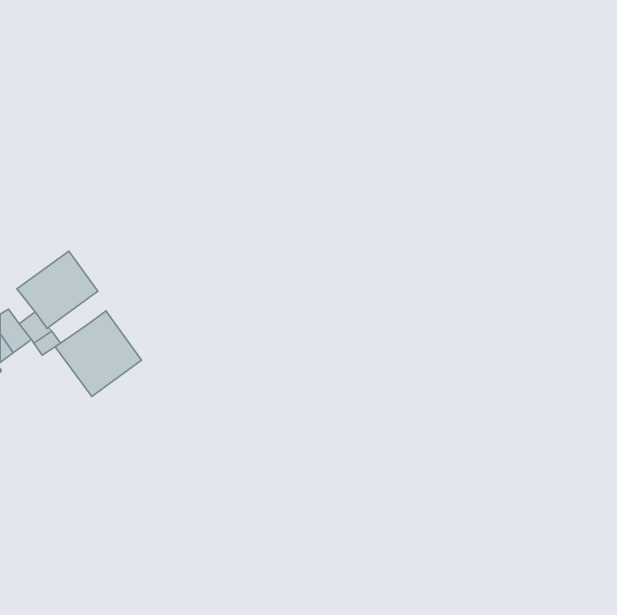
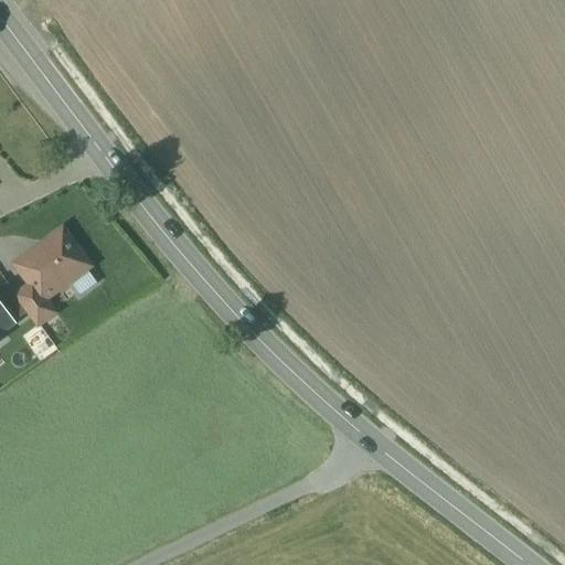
building: [55,311,141,396] -> none

